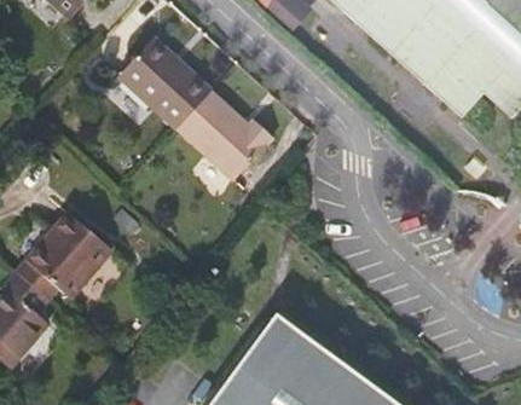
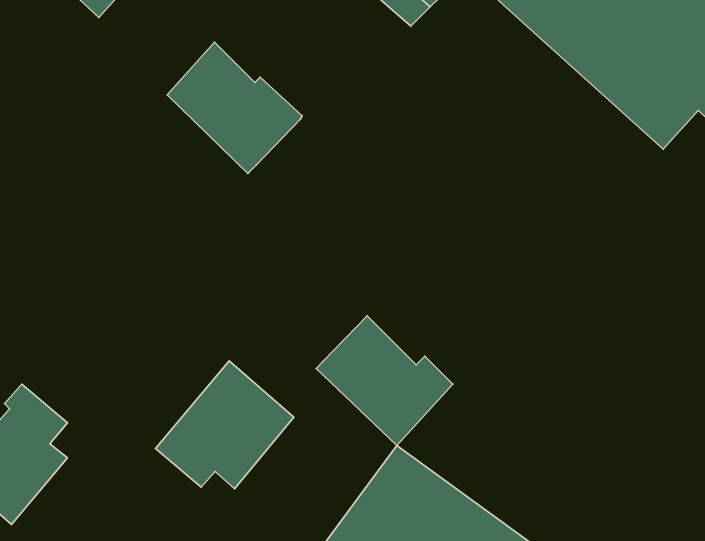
building: [174,91,268,180] -> [316,316,453,446]
building: [17,213,112,301] -> [156,361,294,489]

